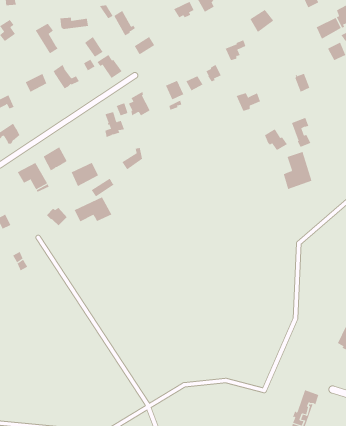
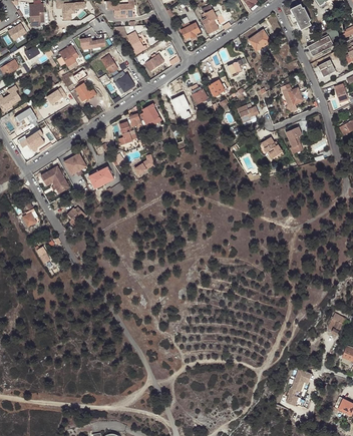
building: [283,151,312,190] -> none
building: [74,196,112,222] -> none

